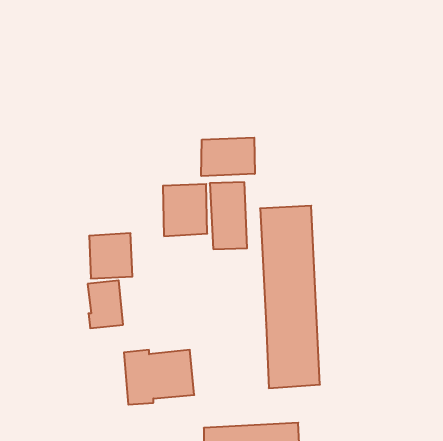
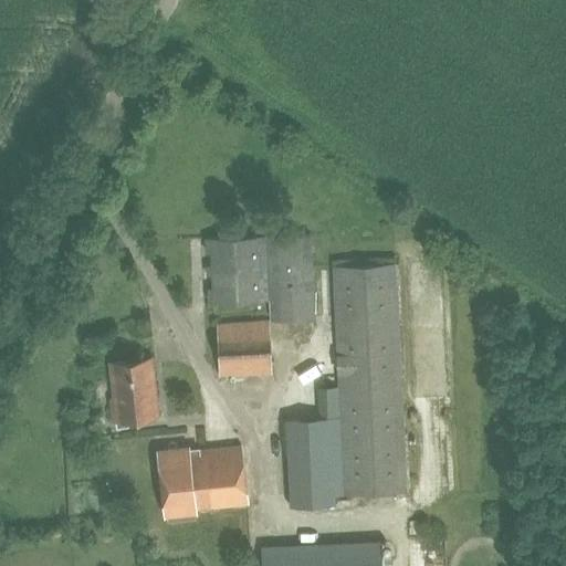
building: [201,138,255,176] -> none
building: [89,233,132,278] -> [217,322,272,379]
building: none -> [285,417,343,507]

